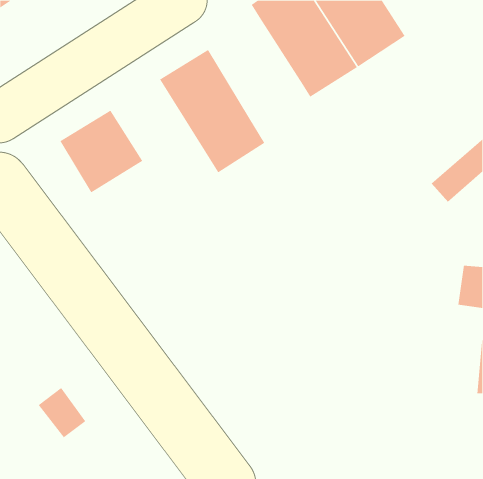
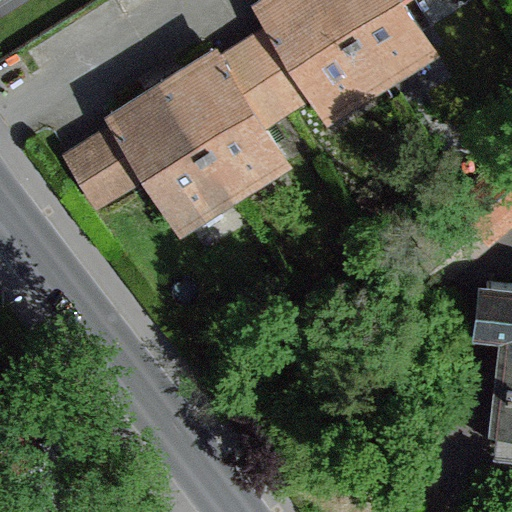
building: none -> [220,23,319,130]
building: none -> [117,89,230,220]

